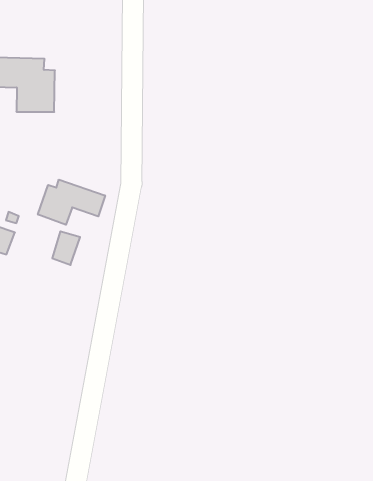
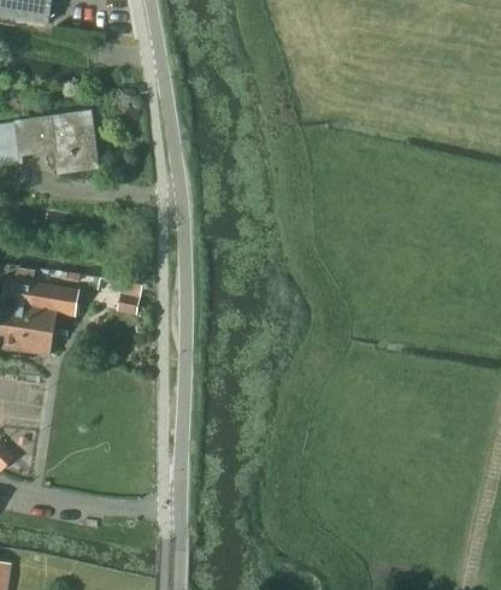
building: [38,180,105,225] -> none

